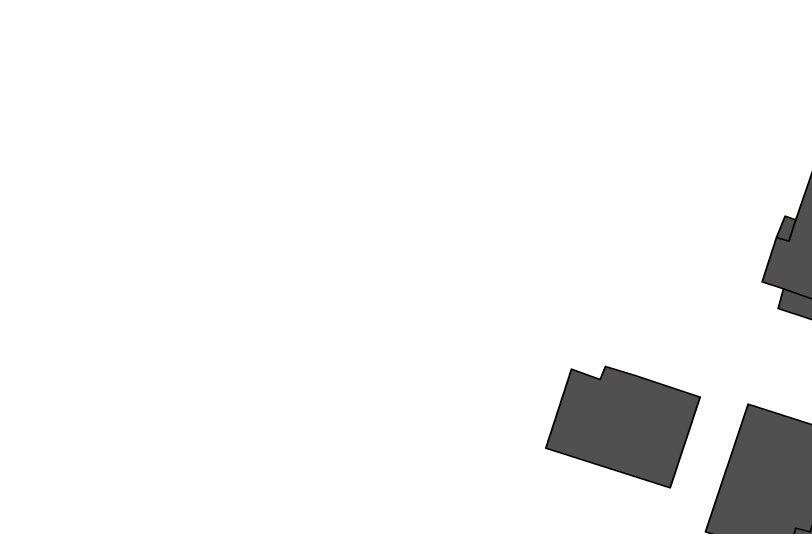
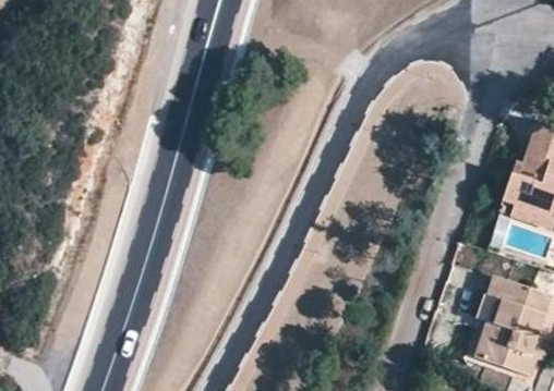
building: [546,366,700,488] -> none

